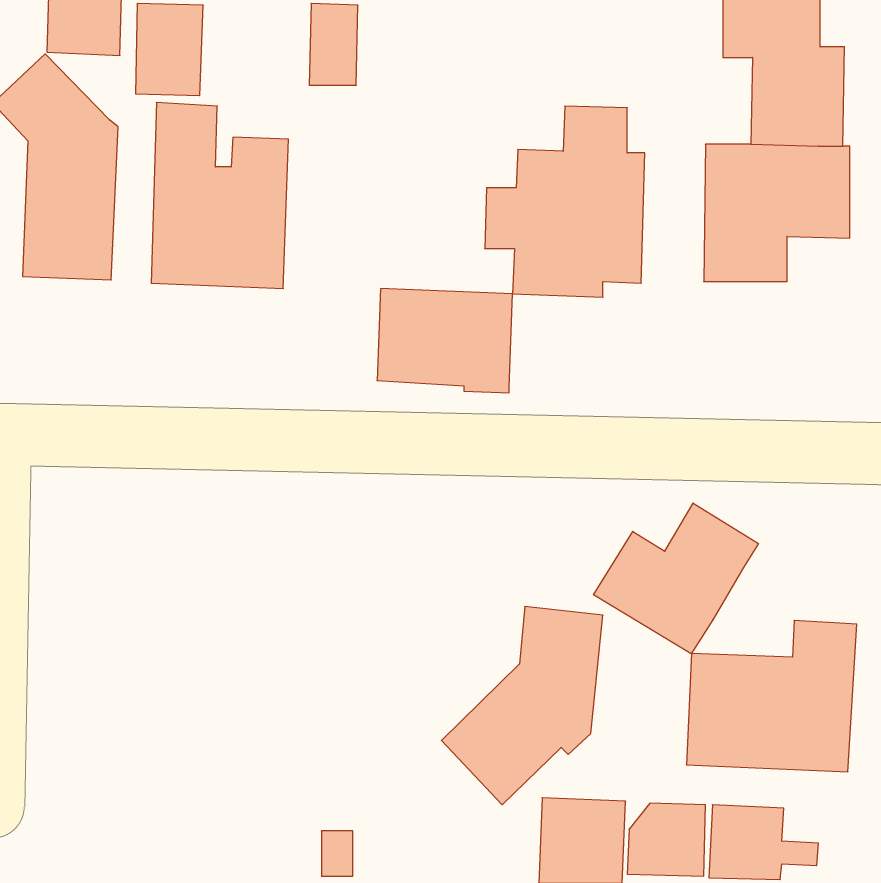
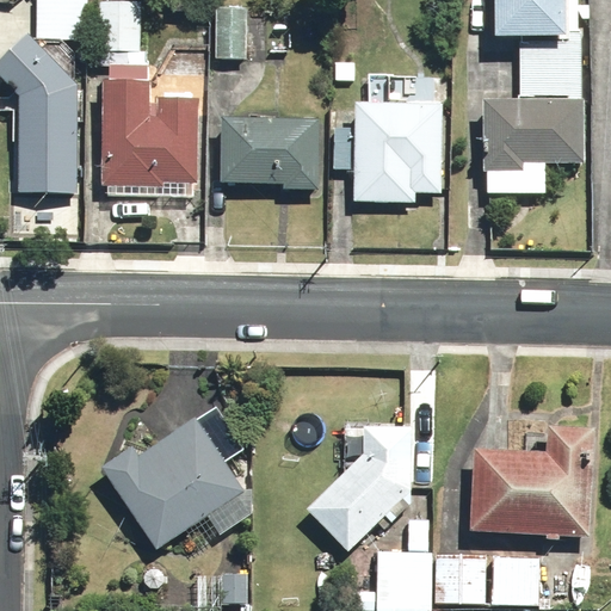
building: [377,289,513,393] -> [223,119,316,191]
building: [593,503,758,654] -> none
building: none -> [98,413,251,544]

